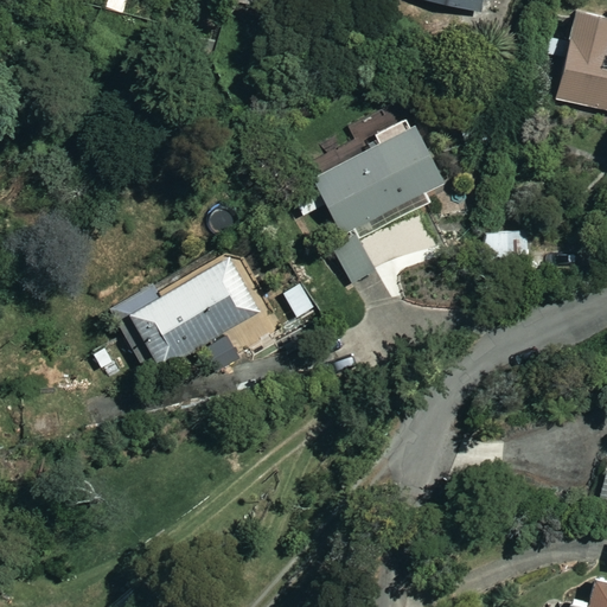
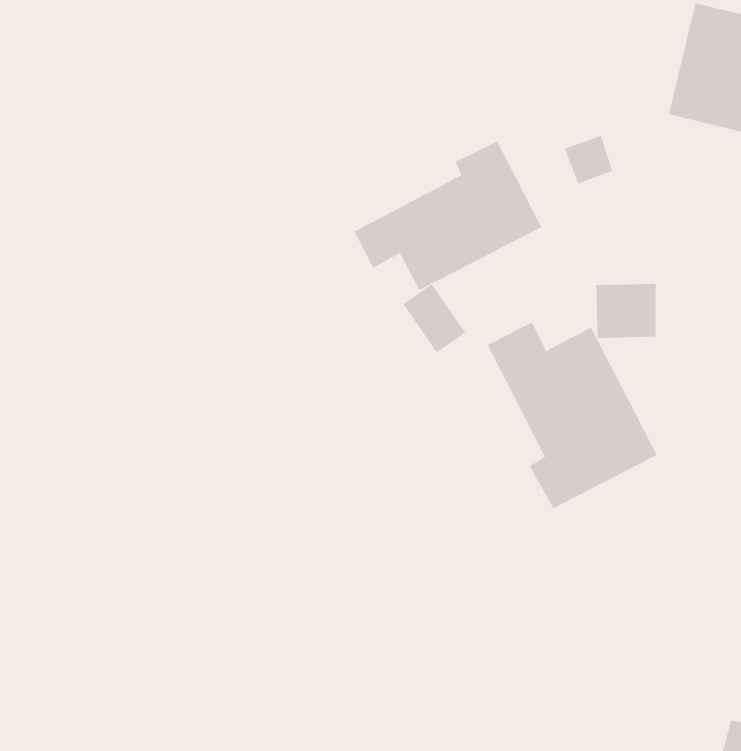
building: [123,251,268,371] -> none
building: none -> [487,321,657,509]

